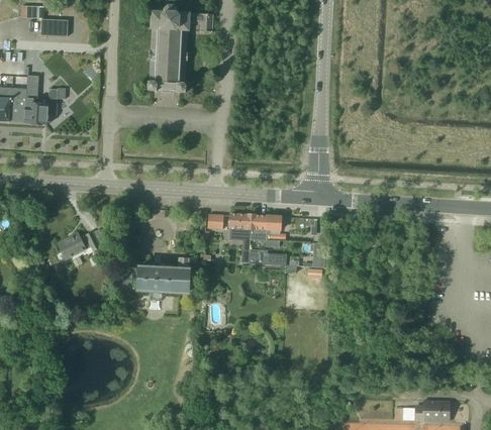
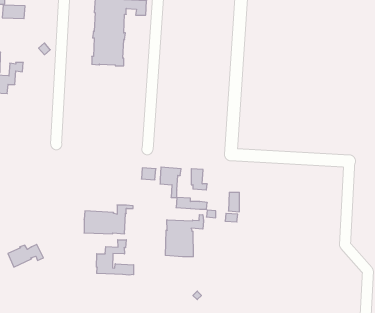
building: [250,215,269,241] -> none
building: [58,232,100,259] -> [8,244,43,267]
building: none -> [165,215,203,257]
building: none -> [96,240,134,275]

